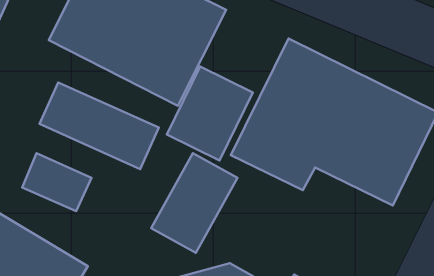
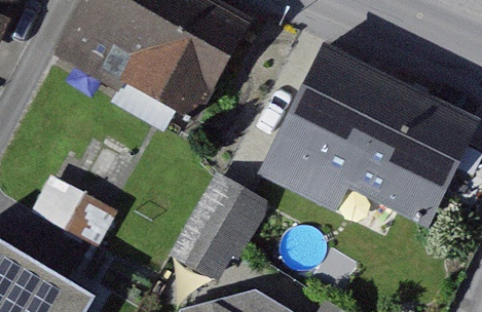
building: [167,66,253,161] -> none
building: [39,82,159,169] -> none

